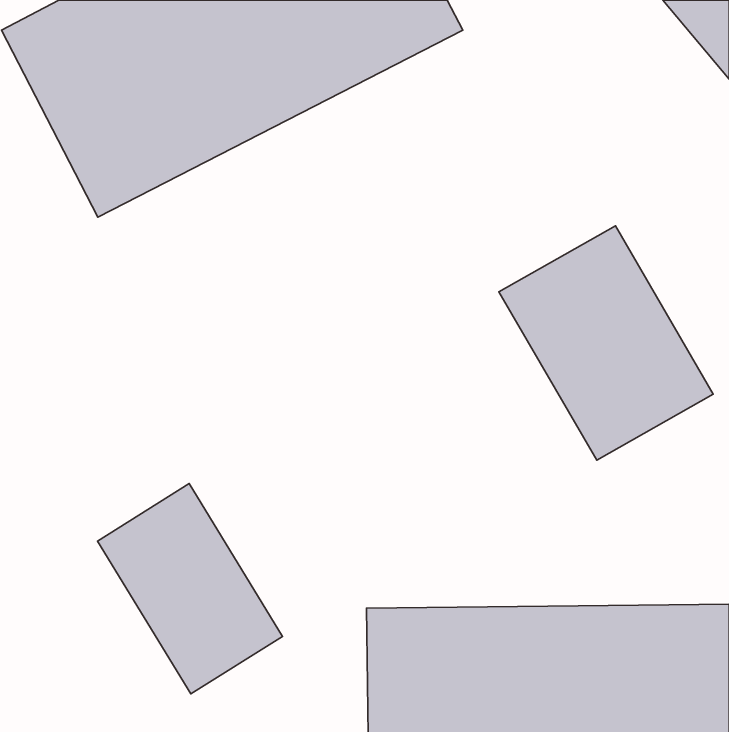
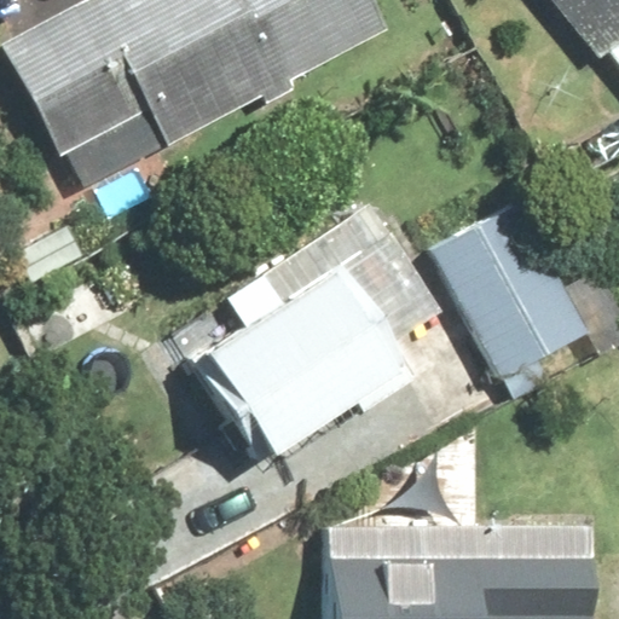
building: none -> [197,253,421,462]
building: [98,484,283,694] -> none

